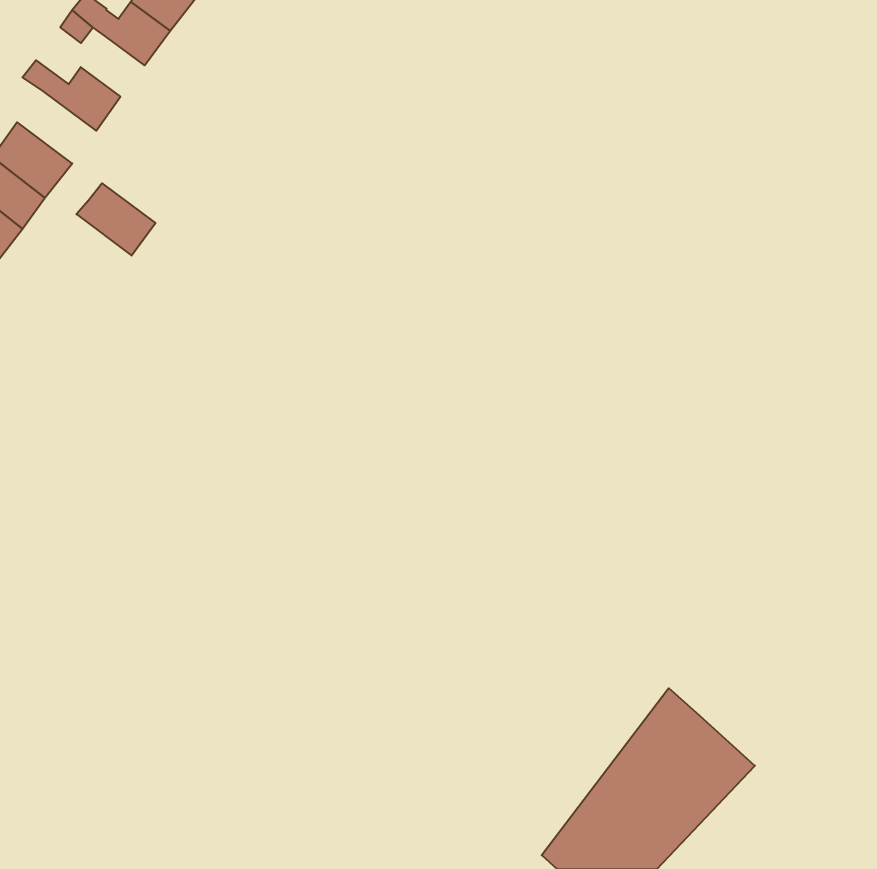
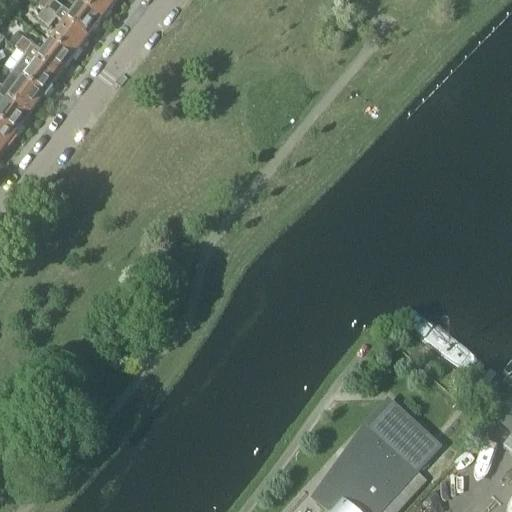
building: none -> [47,21,84,56]
building: [76,183,156,256] -> [10,53,56,95]

